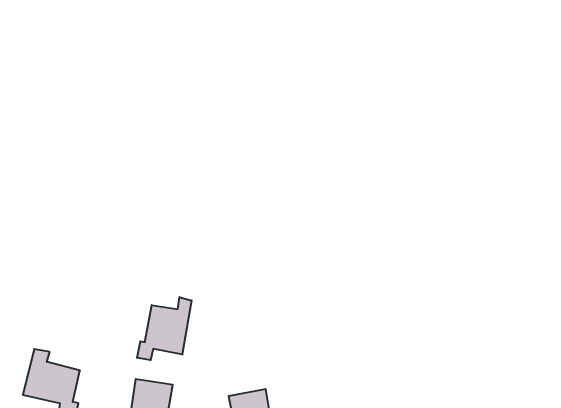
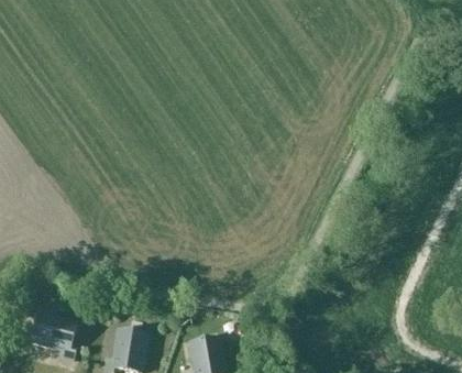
building: [137,297,192,360] -> none

